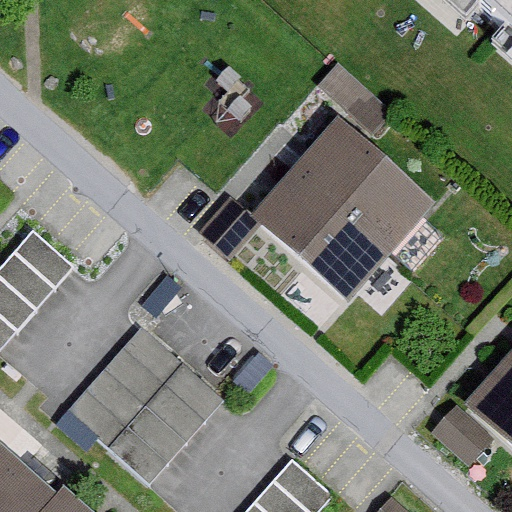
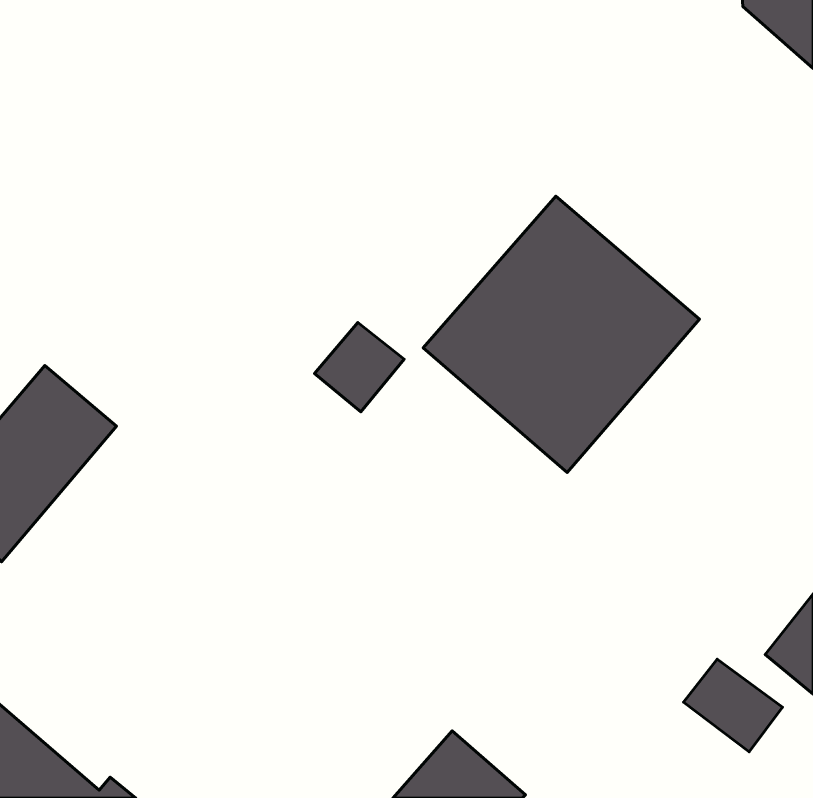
building: [63,327,216,482] -> none

